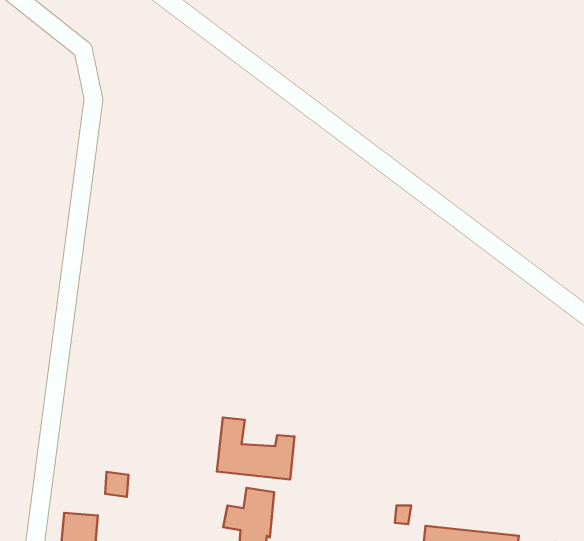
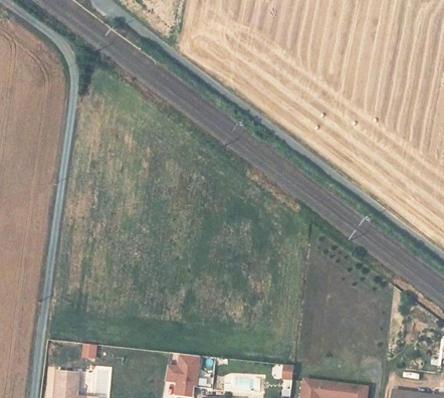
building: [217,417,294,480] -> none

